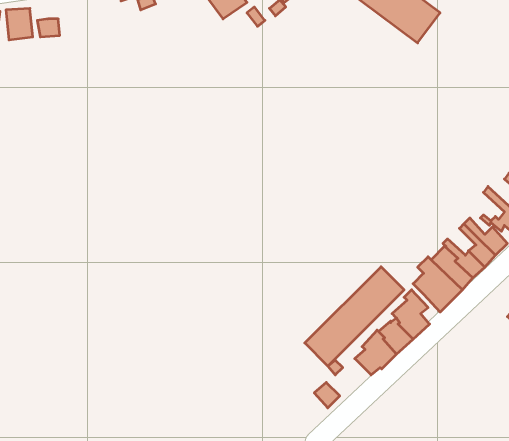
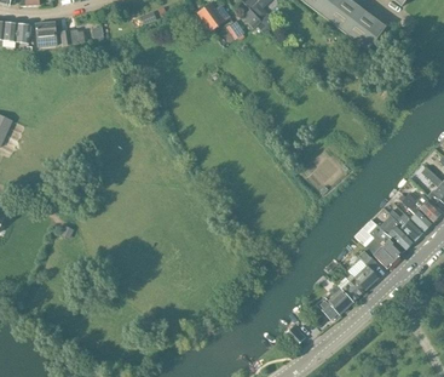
building: [305,267,404,366] -> none

